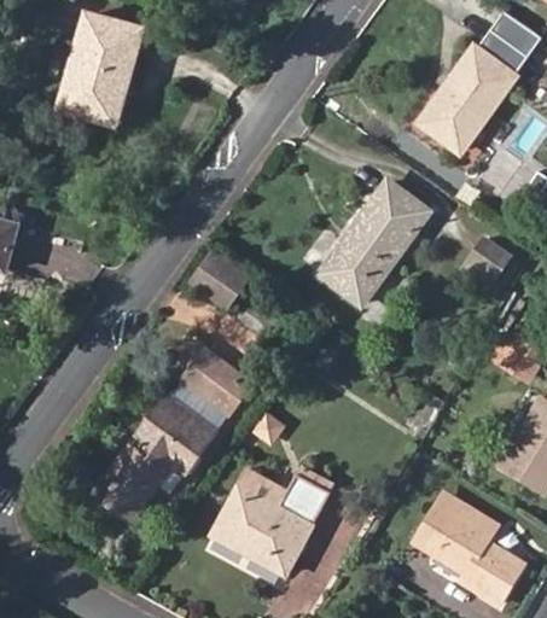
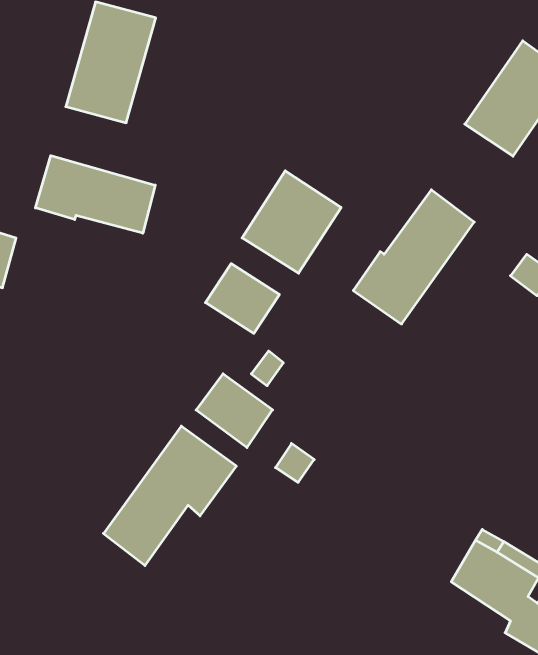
building: none -> [35,156,155,233]
building: none -> [242,171,341,273]
building: [214,474,331,575] -> none

